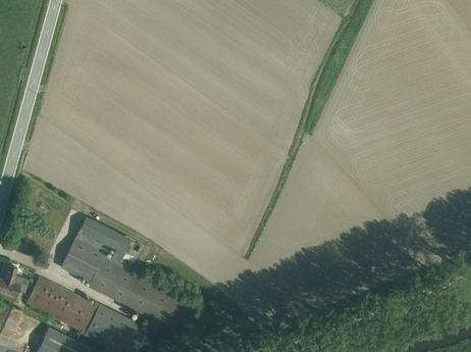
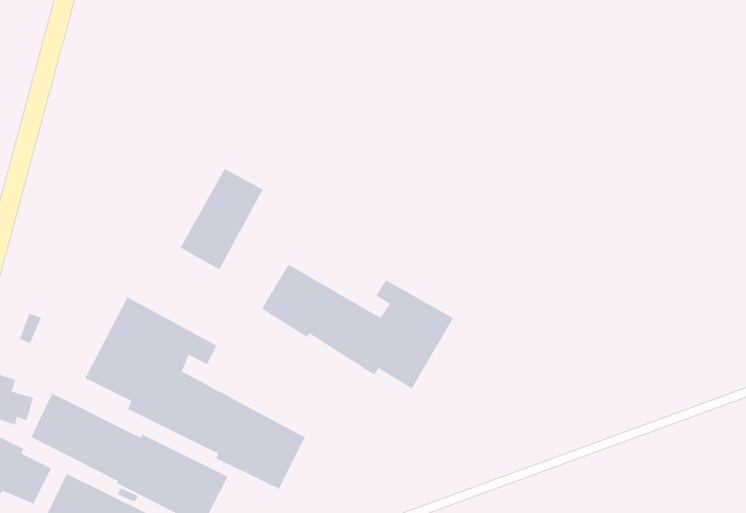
building: none -> [180,168,263,270]
building: none -> [261,264,454,390]

